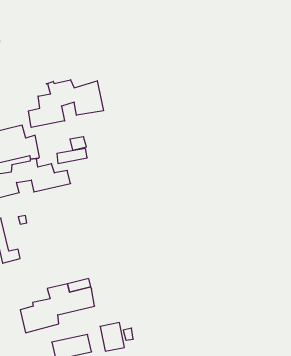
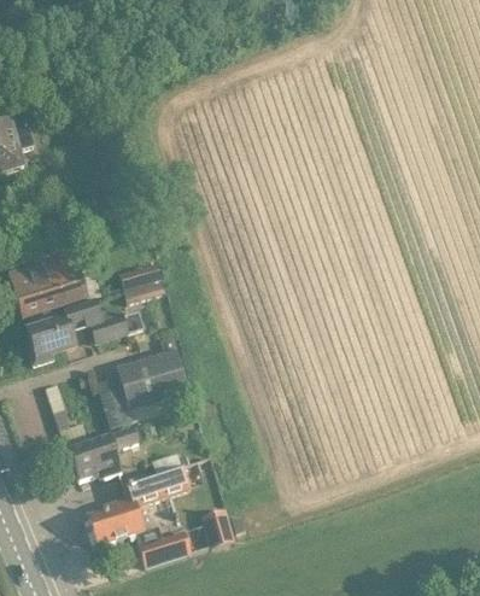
building: [28,80,103,127] -> none
building: none -> [99,350,187,426]
building: none -> [70,430,137,480]

